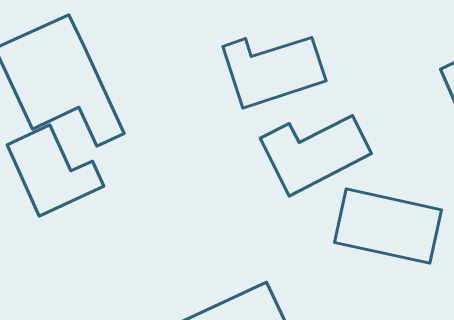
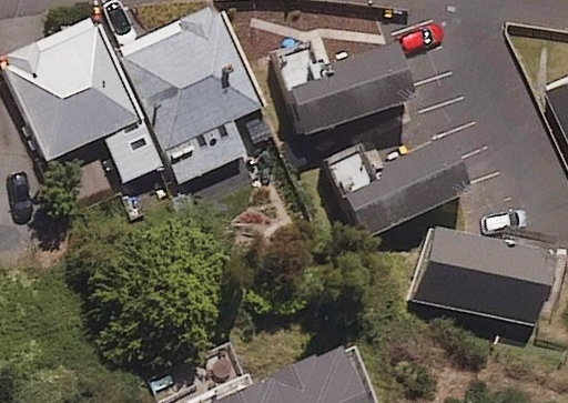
building: none -> [112,10,261,184]
building: [7,125,104,216] -> none

